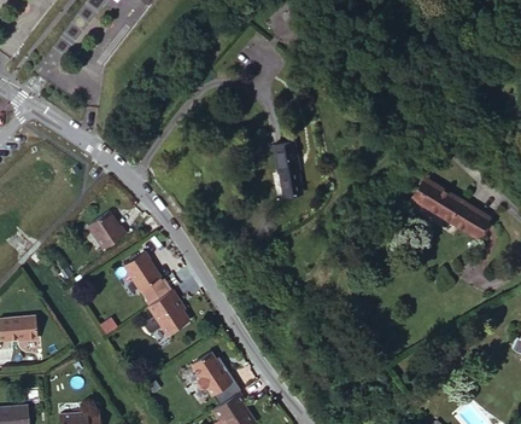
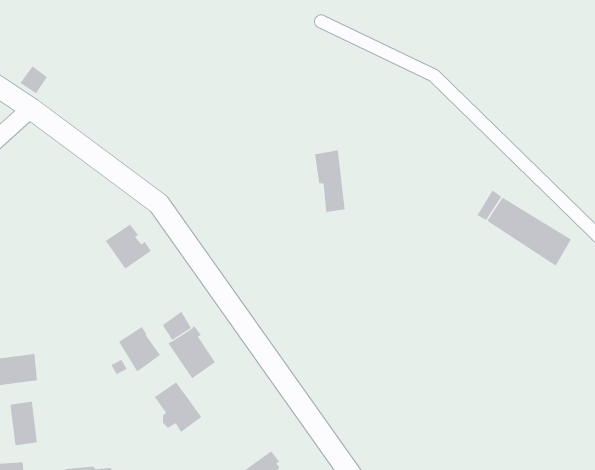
building: [127,255,163,294] -> [118,326,161,372]
building: [194,355,235,399] -> [154,381,202,433]
building: none -> [10,401,38,446]

